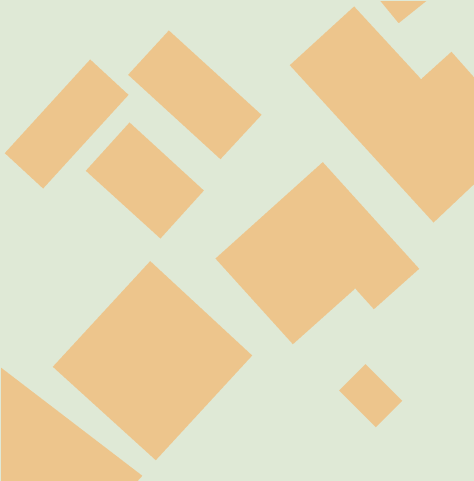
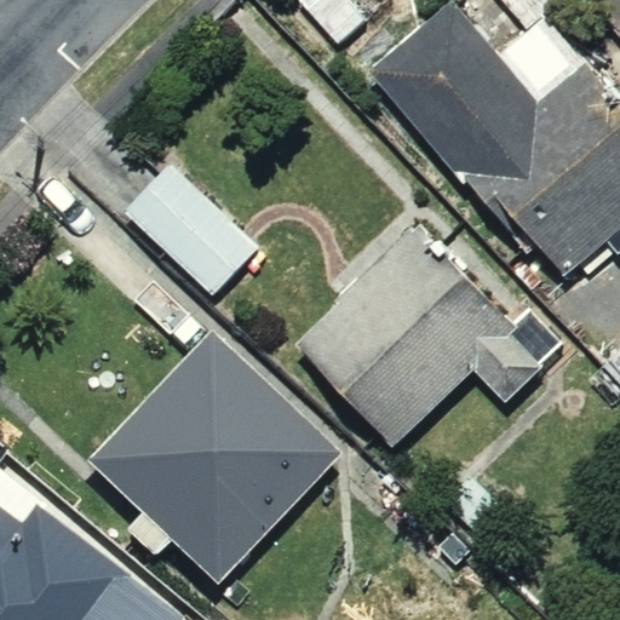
building: [127,30,262,160] -> none
building: [4,58,130,189] -> none

